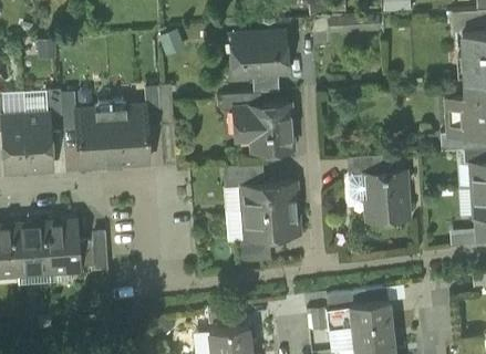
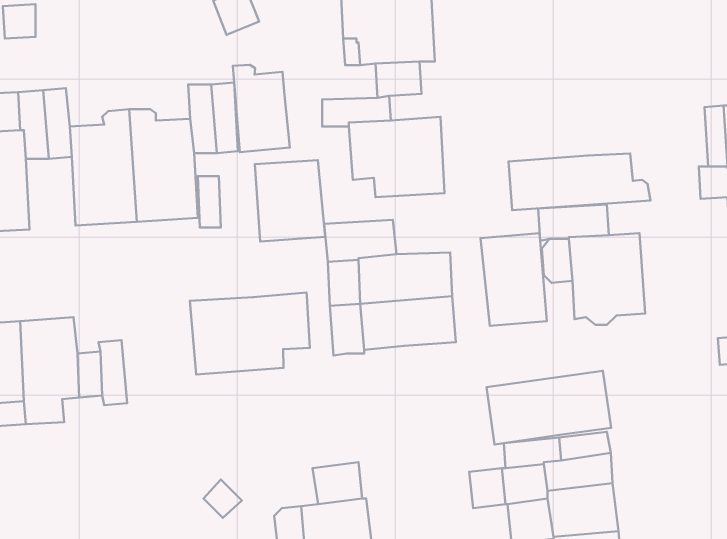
building: none -> [233,65,290,152]
building: none -> [508,154,650,210]
building: none -> [255,160,325,241]
building: none -> [481,233,547,326]
building: none -> [190,293,310,374]
building: [237,236,271,261] -> none
building: none -> [486,371,611,445]

